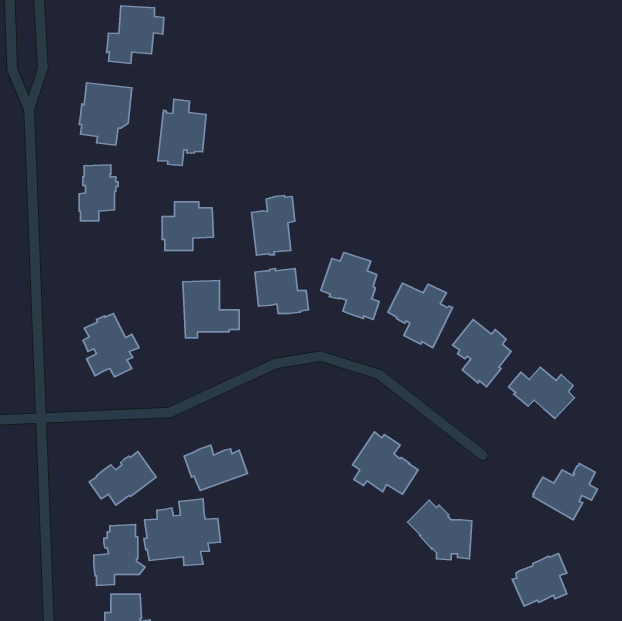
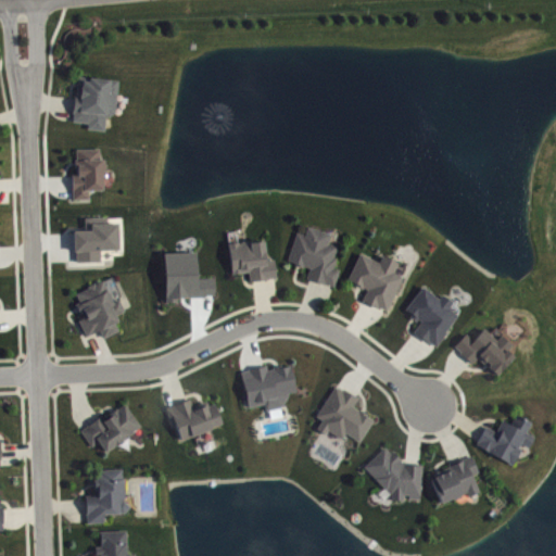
building: [106,6,164,64] -> none
building: [158,99,206,165] -> none
building: [252,196,295,255] -> none
building: [162,202,213,251] -> [74,218,119,262]
building: none -> [240,365,295,410]
building: [144,499,220,566] -> none
building: [512,554,567,606] -> [429,456,478,503]

